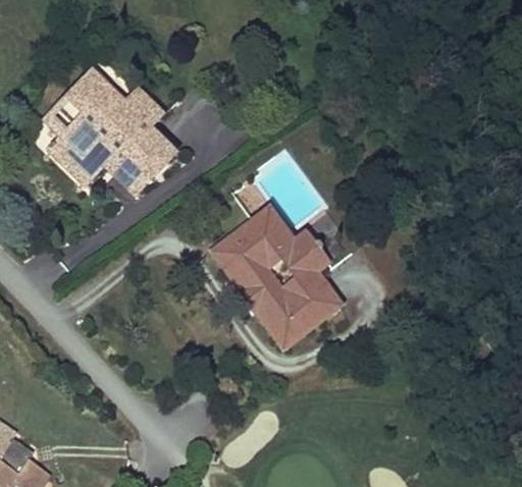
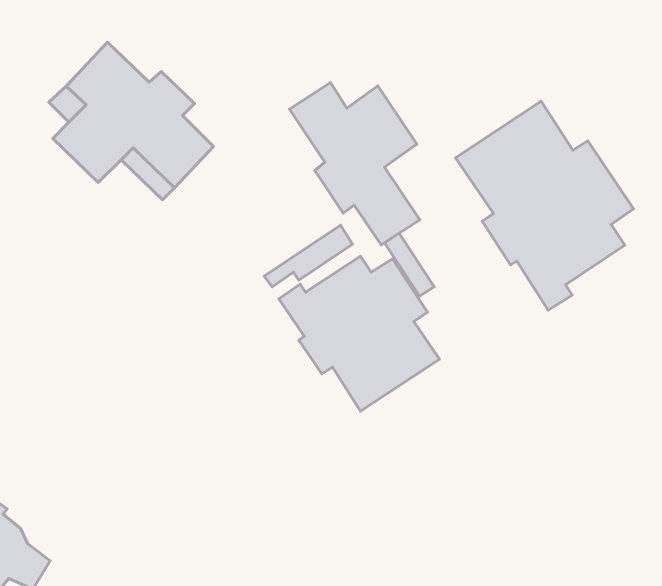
building: none -> [290,83,420,245]
building: none -> [456,101,634,310]

